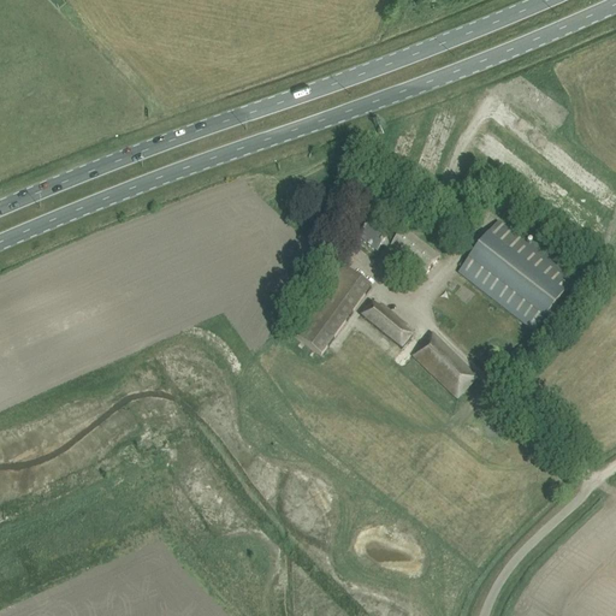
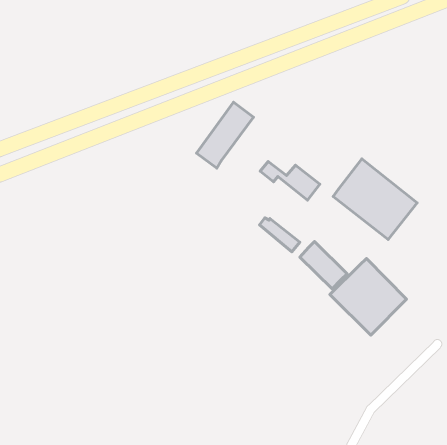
building: [292,262,371,353] -> [197,102,254,168]
building: none -> [330,258,407,335]

